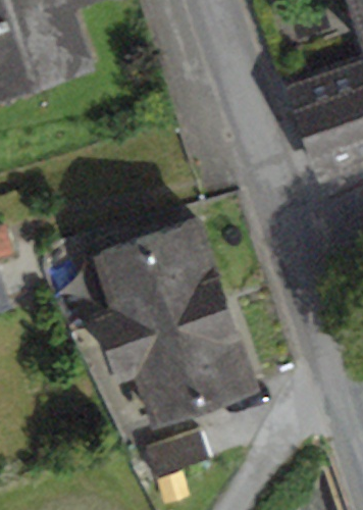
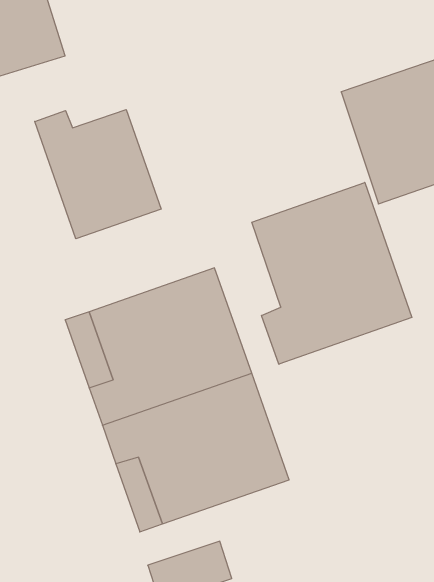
building: none -> [35,110,161,239]
building: none -> [252,182,412,364]

